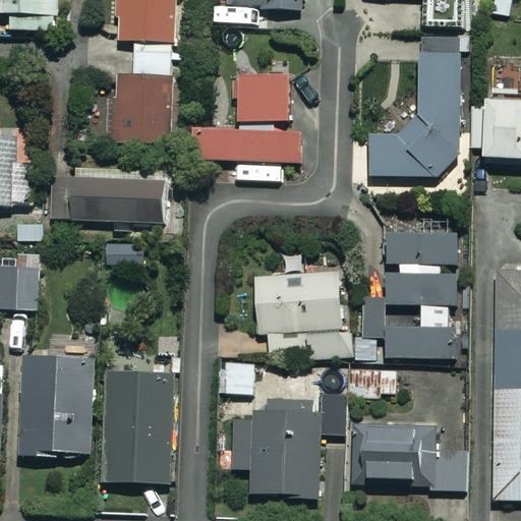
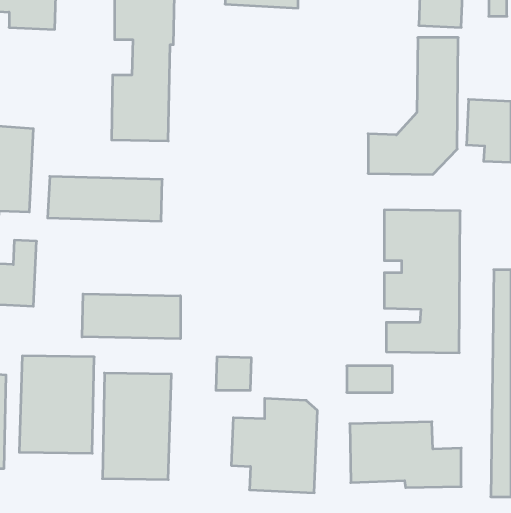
building: [193,74,301,160] -> none
building: [254,252,351,357] -> none
building: none -> [82,294,180,339]

